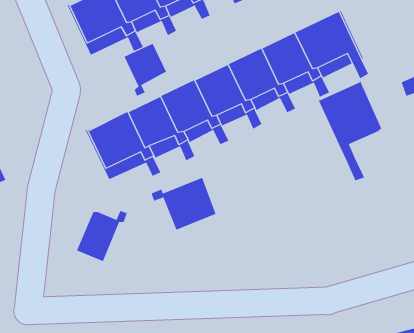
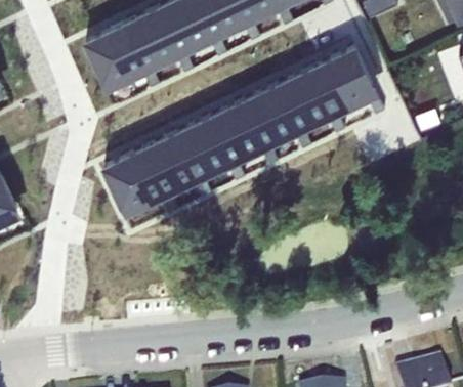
building: [124,42,167,96] -> none
building: [318,79,382,181] -> none
building: [132,177,218,230] -> none
building: [76,210,128,263] -> none

